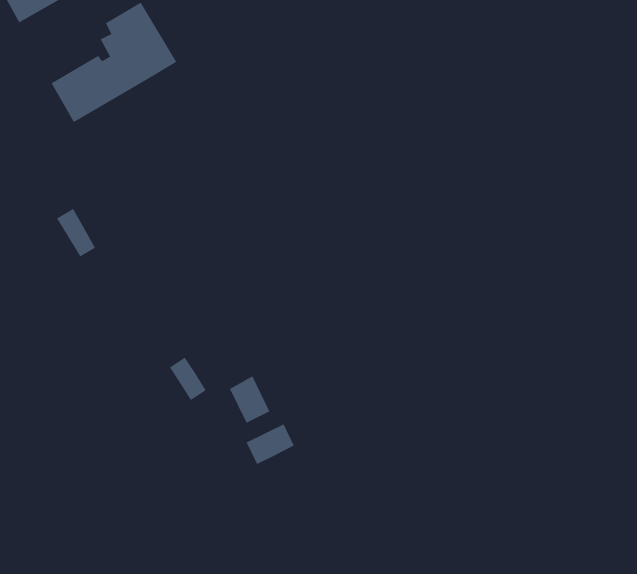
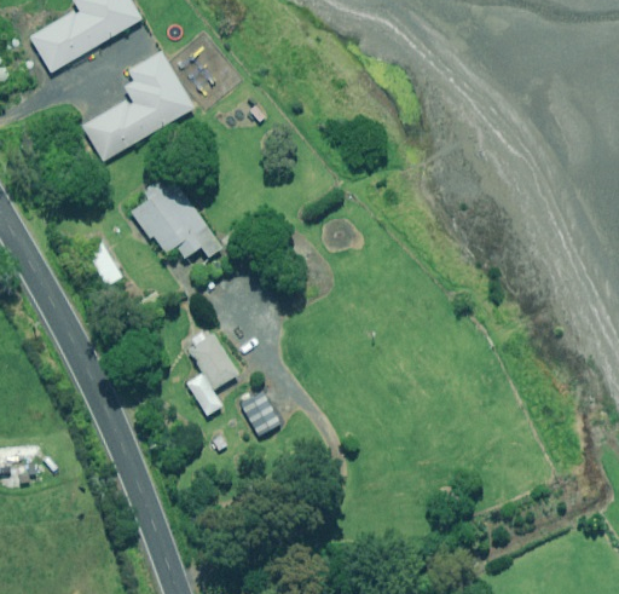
building: none -> [132,181,222,259]
building: none -> [187,334,238,390]
building: [246,423,295,465] -> none

